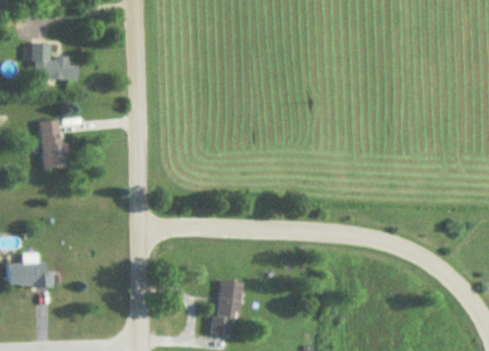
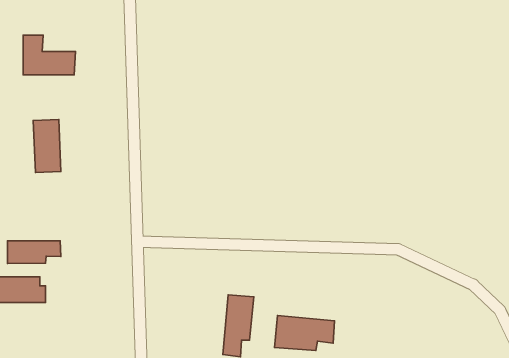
building: none -> [7,241,61,263]
building: none -> [274,315,335,351]

